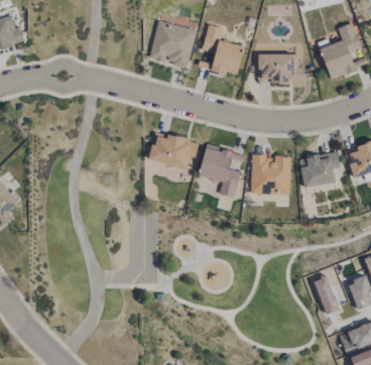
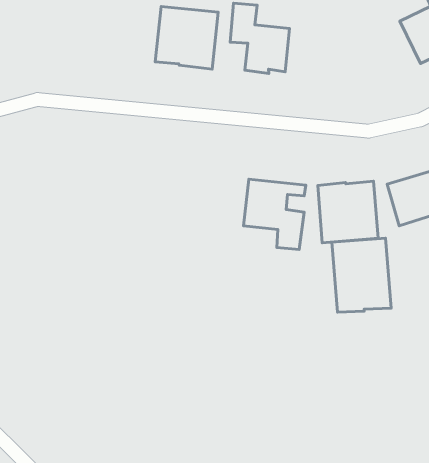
building: [258,53,303,83] -> none
building: [148,131,200,168] -> none
building: none -> [332,238,391,312]

